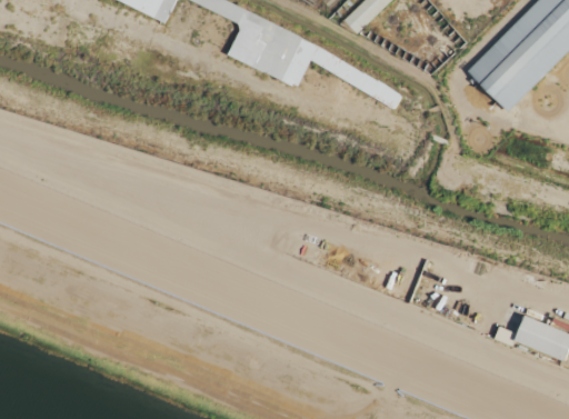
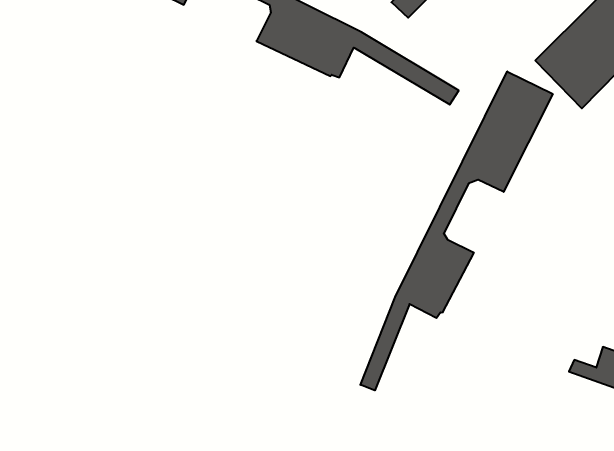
building: none -> [360,71,553,390]

